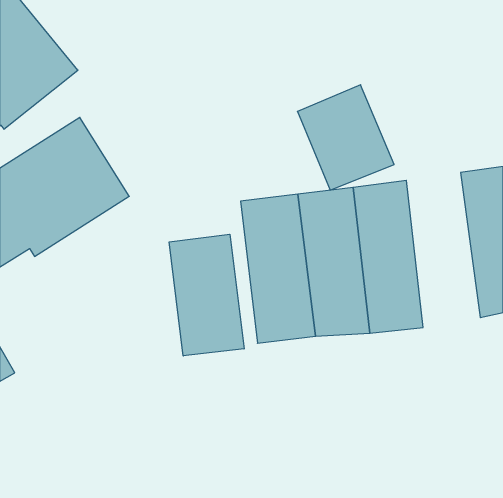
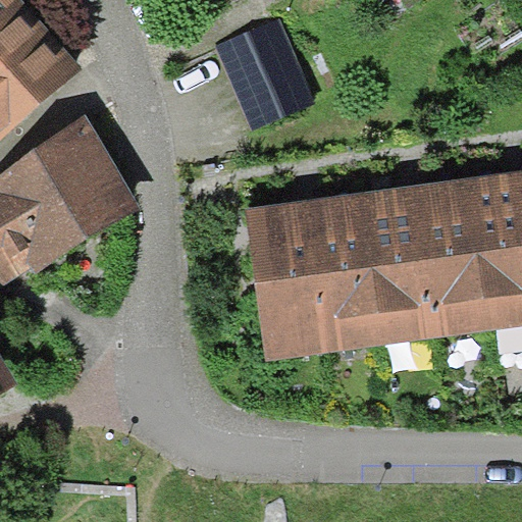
building: [297,85,394,190] -> [217,15,317,124]
building: none -> [420,178,497,338]
building: [169,234,244,356] -> none

